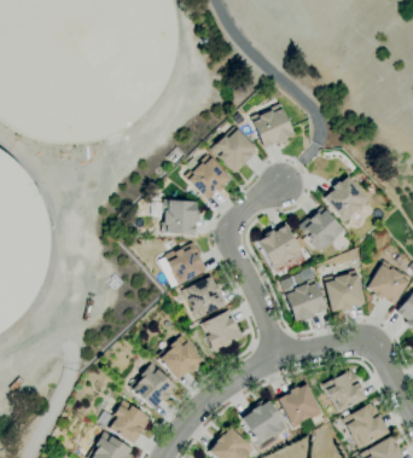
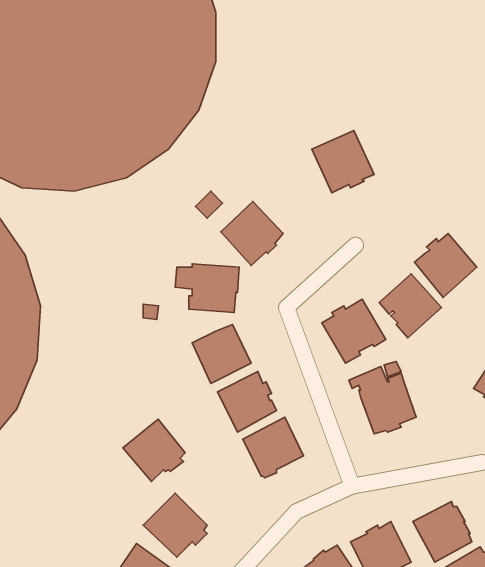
building: [211,127,258,174] -> none
building: [324,271,365,313] -> none
building: [157,336,202,381] -> [123,419,185,482]

